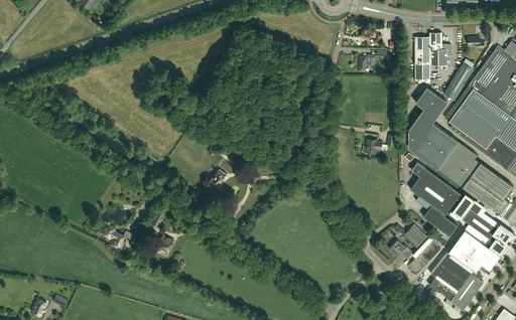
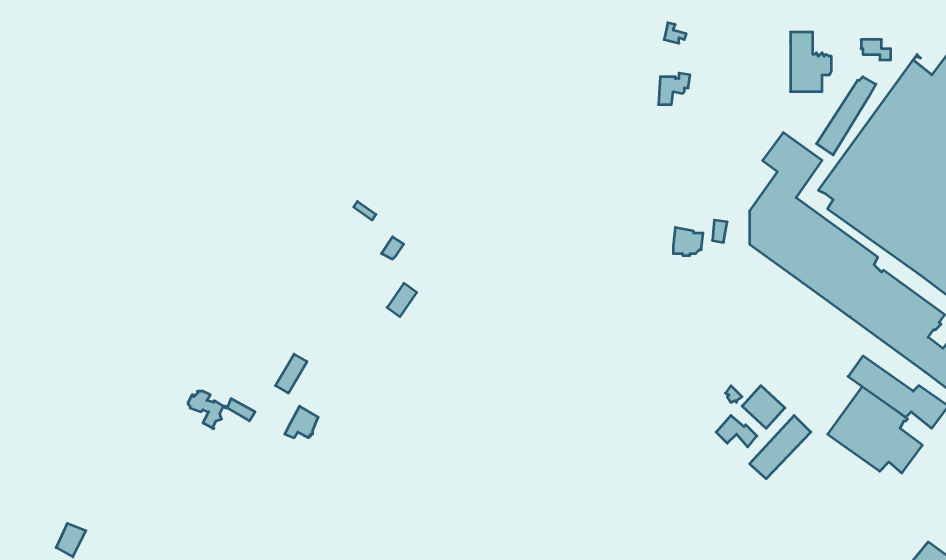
building: [414,38,429,82] -> none
building: [410,163,461,235] -> none
building: [429,251,483,310] -> none

